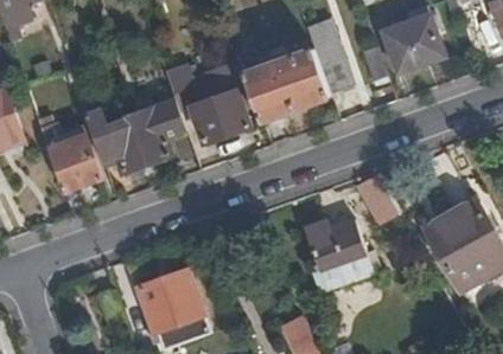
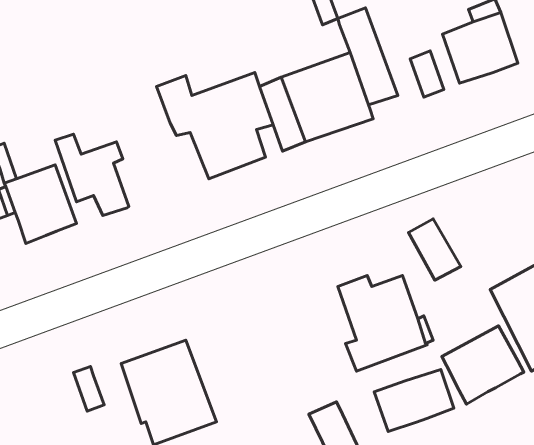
building: [132,102,186,166] -> none
building: none -> [442,326,524,404]
building: none -> [374,370,454,431]

